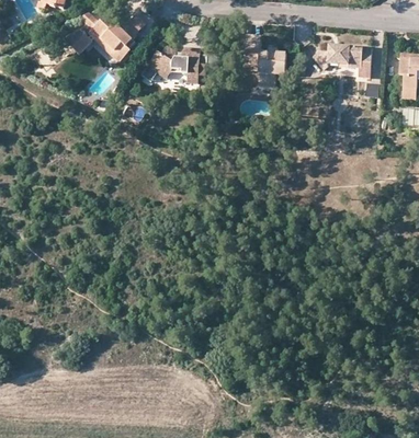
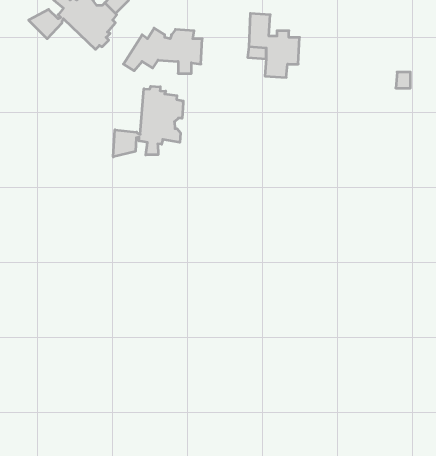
building: [312,46,371,78] -> none
building: none -> [113,86,183,157]

